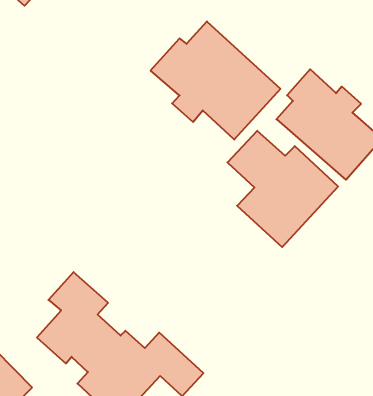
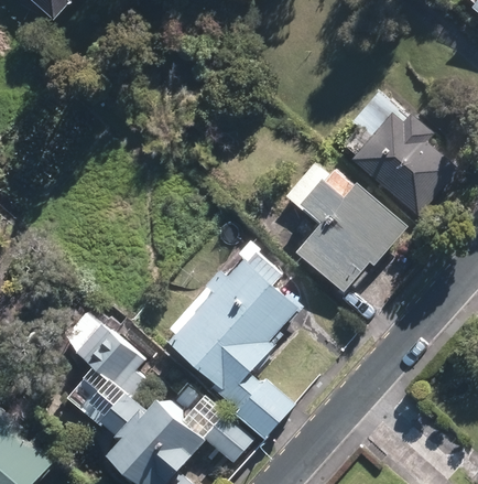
building: [151,21,280,140] -> none
building: none -> [163,244,302,441]

